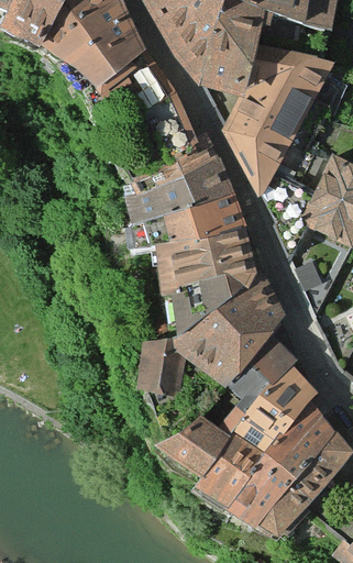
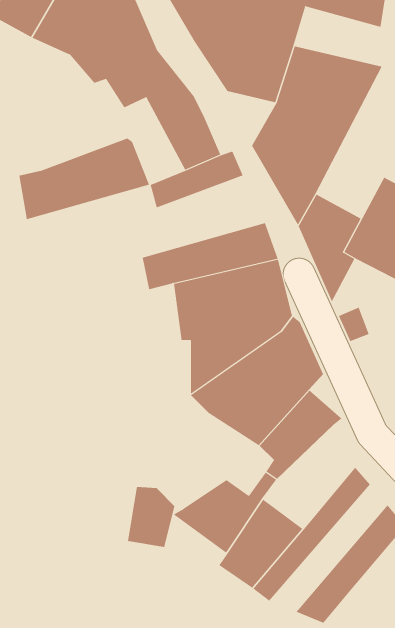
building: [122,154,233,223] -> [18,138,150,220]
building: [144,339,185,390] -> [127,487,175,548]
building: [231,365,316,453] -> none
building: [236,416,337,523] -> none

